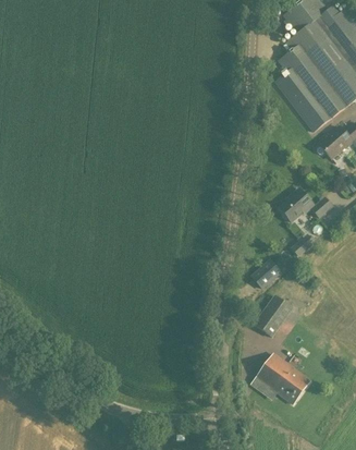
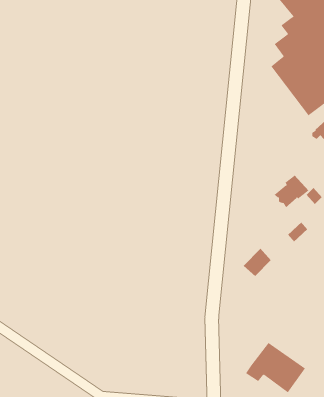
building: [254,296,292,338] -> none

